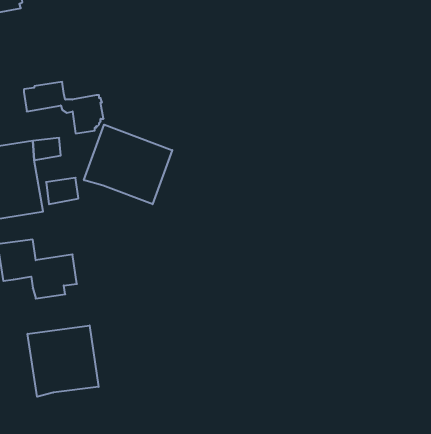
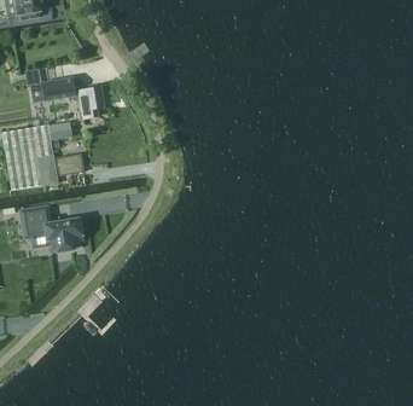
building: [84,125,172,204] -> none
building: [28,325,99,397] -> none

